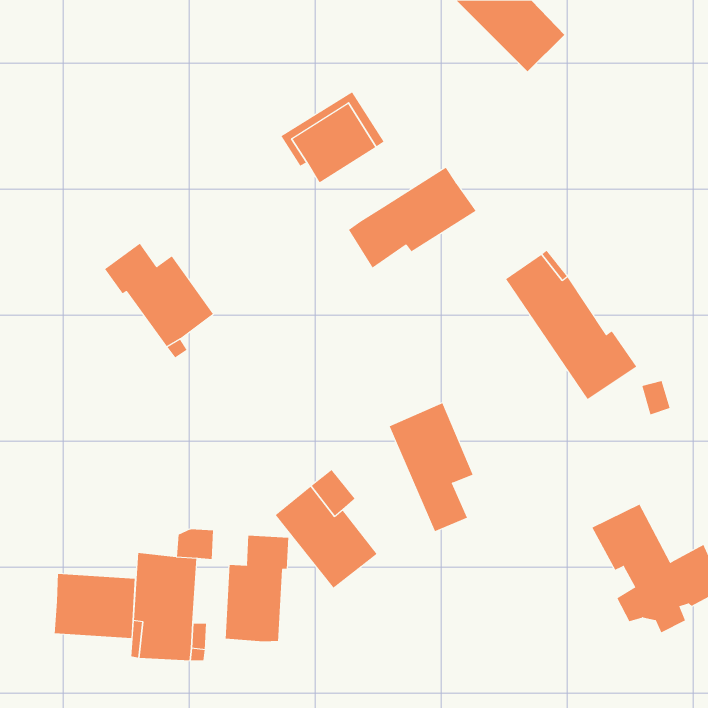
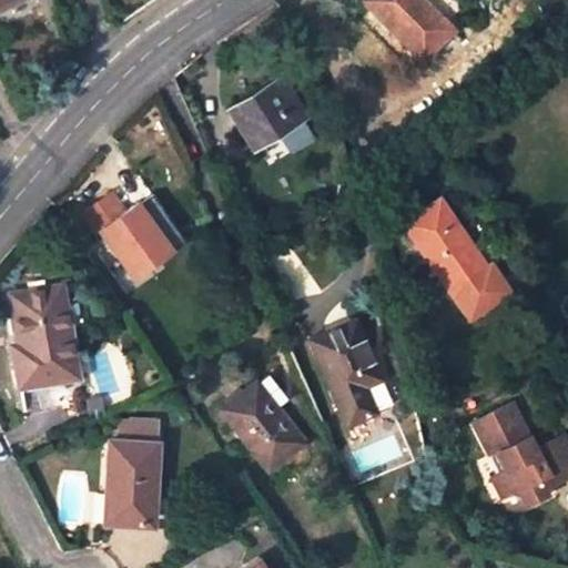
building: [348,167,477,269] -> none
building: none -> [13,288,77,387]
building: [225,535,289,642] -> none
building: [54,573,135,639] -> none

